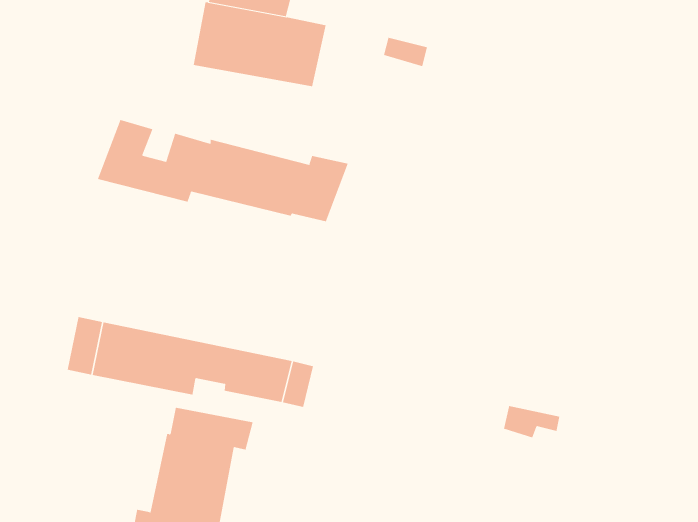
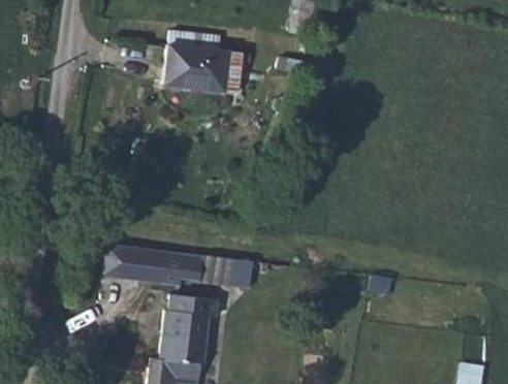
building: [97,119,348,222] -> none

